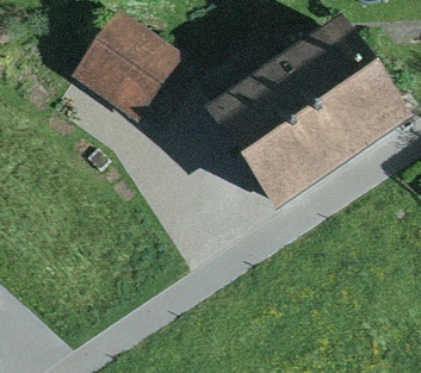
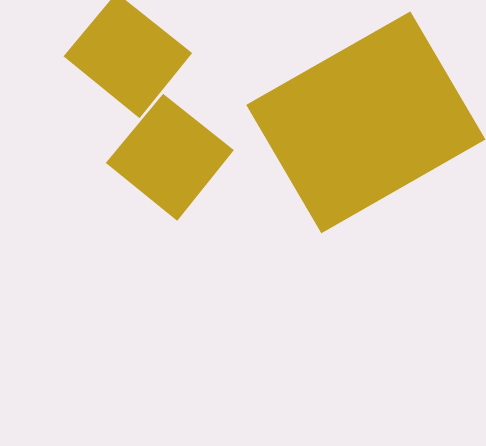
building: none -> [105,93,235,222]

